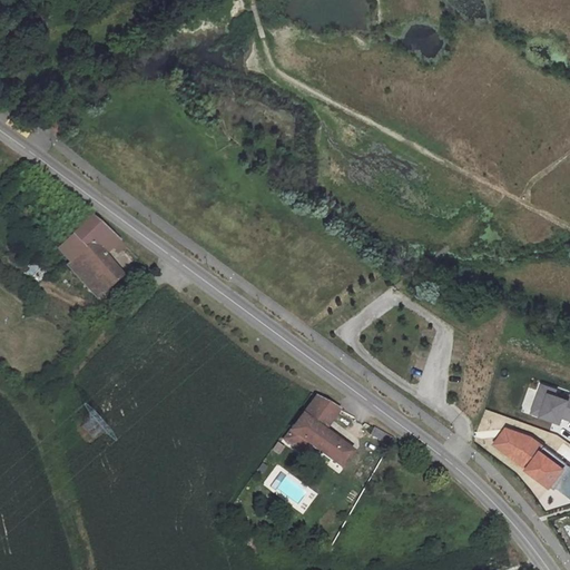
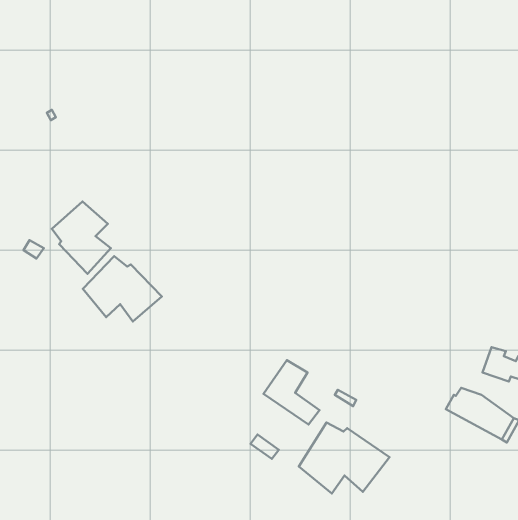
building: none -> [83,256,162,321]
building: none -> [299,423,390,493]

